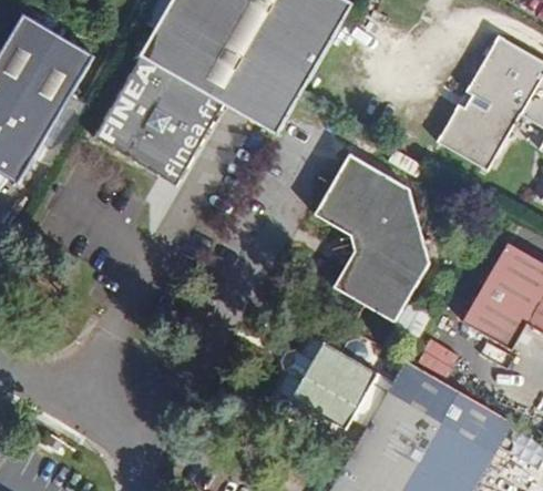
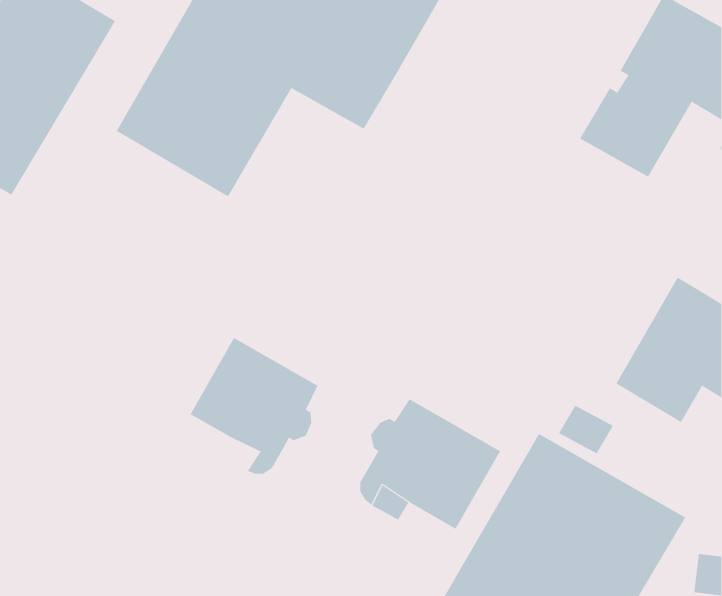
building: [314,153,429,321] -> none
building: none -> [190,337,318,474]

